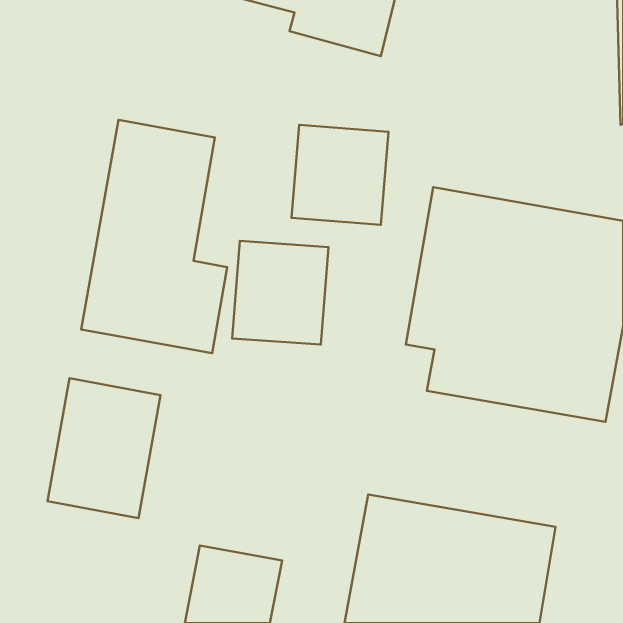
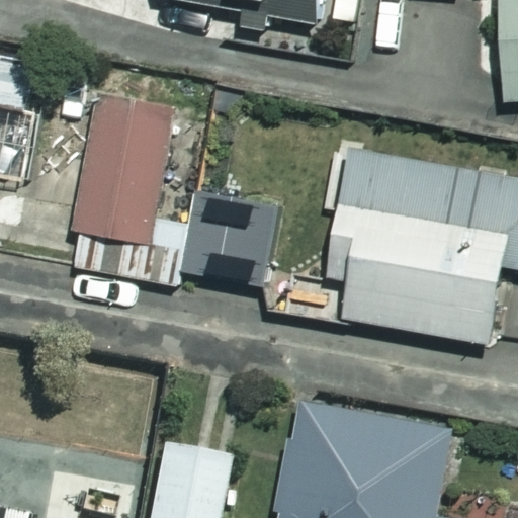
building: [292,125,389,225] -> none
building: [48,378,161,518] -> none

